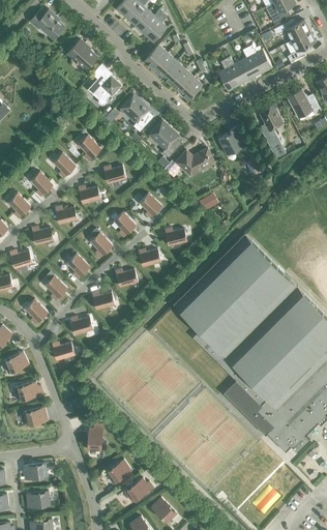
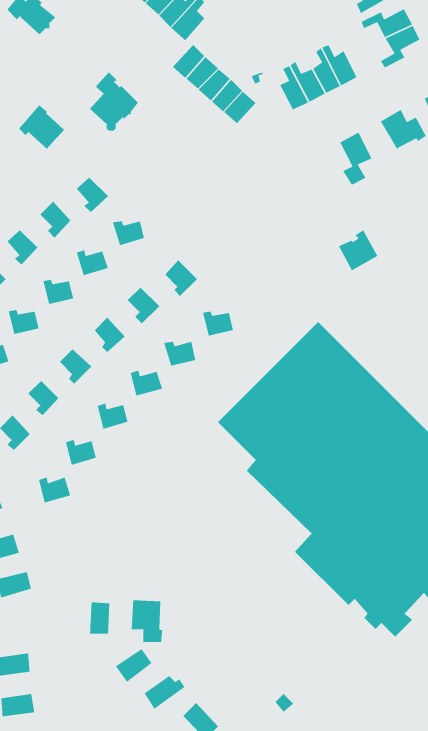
building: [65,38,97,69] -> [18,104,65,149]
building: [121,95,153,131] -> none
building: [150,122,182,157] -> none
building: [217,126,245,155] -> [338,229,379,271]
building: [175,148,214,175] -> none
building: none -> [131,599,163,643]

